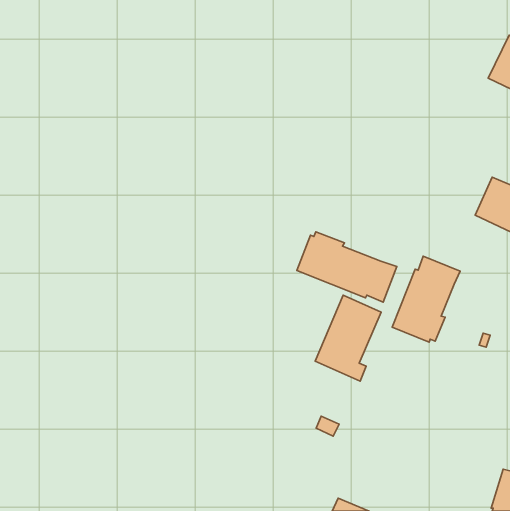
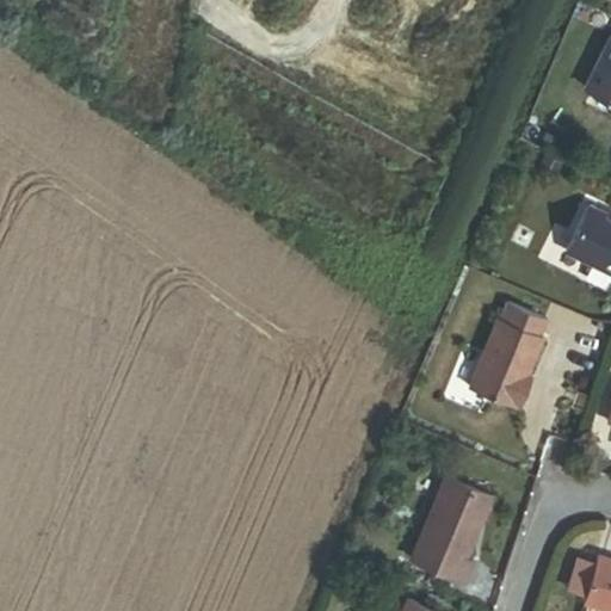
building: [297,232,397,302] -> none
building: [315,295,381,381] -> [412,476,490,579]

